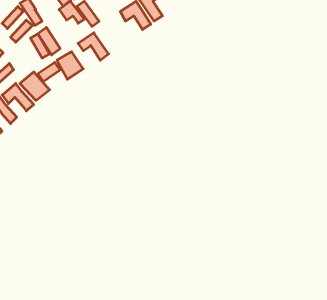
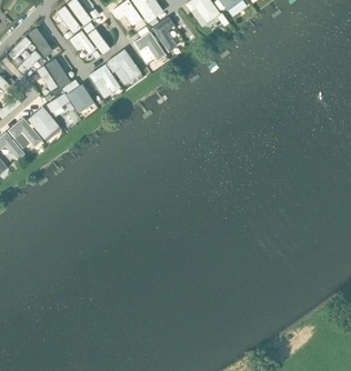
building: none -> [107,49,140,80]

